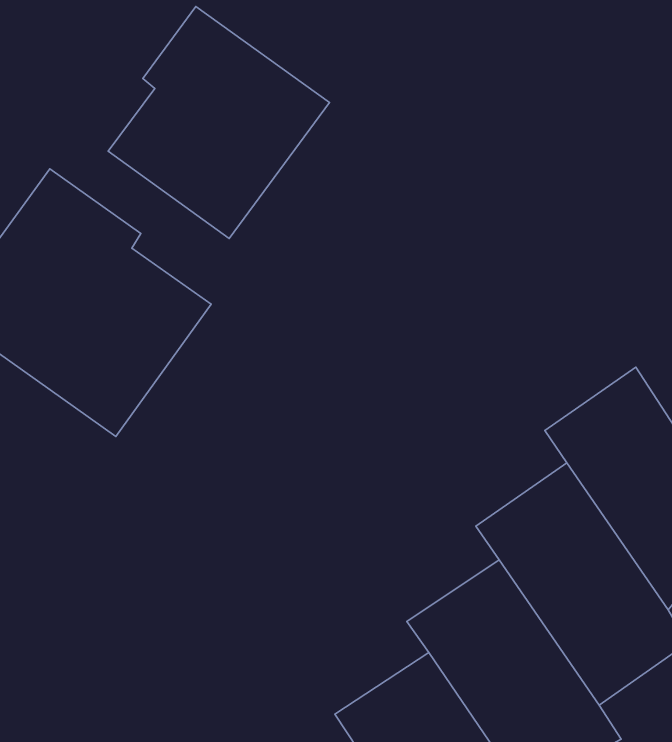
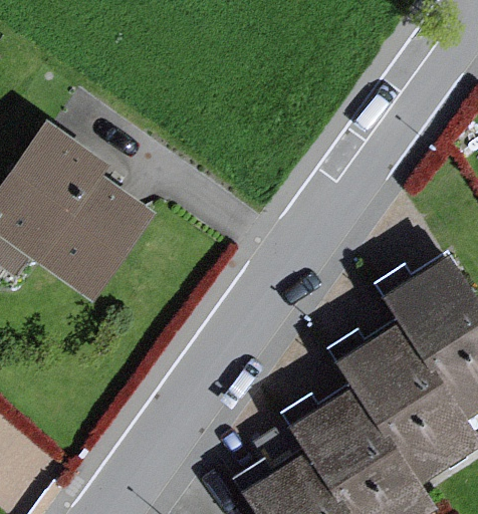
building: [108,6,330,238] -> none

